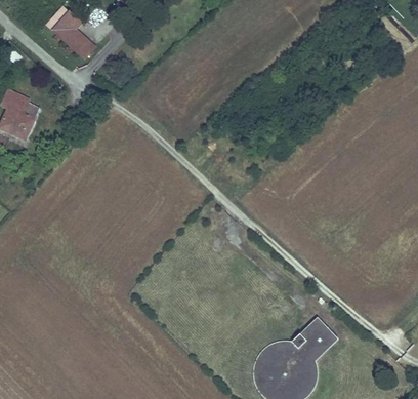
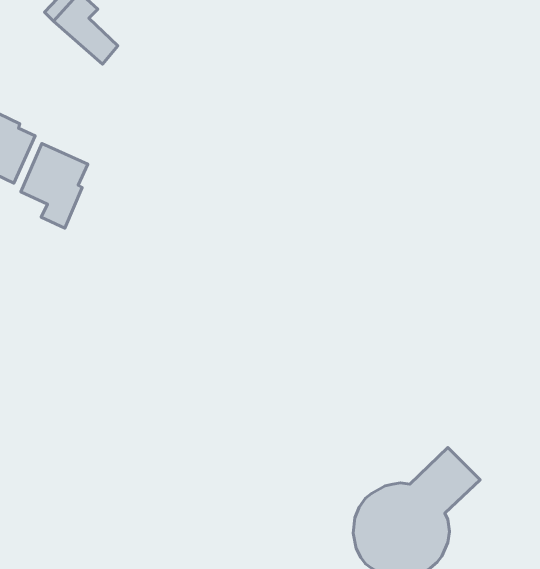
building: none -> [21,143,88,228]

